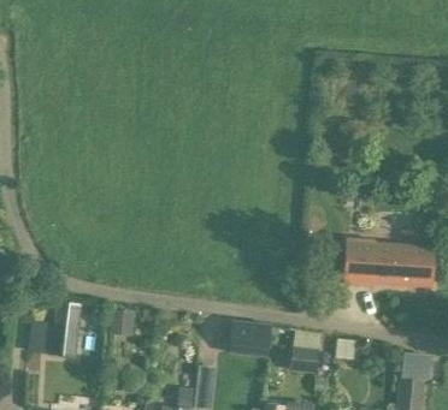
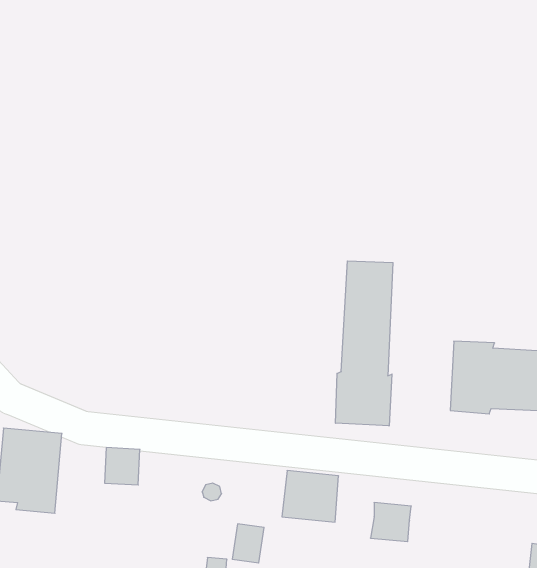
building: none -> [336,261,393,426]

